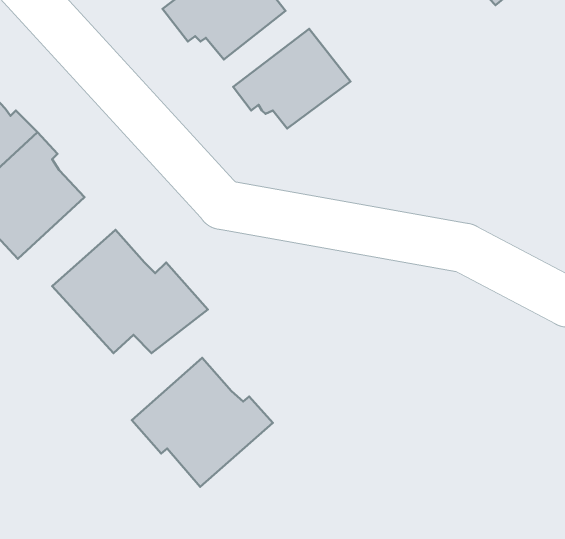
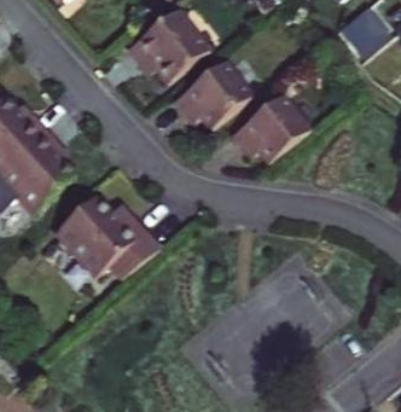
building: none -> [232,94,309,161]
building: [132,358,273,487] -> none

